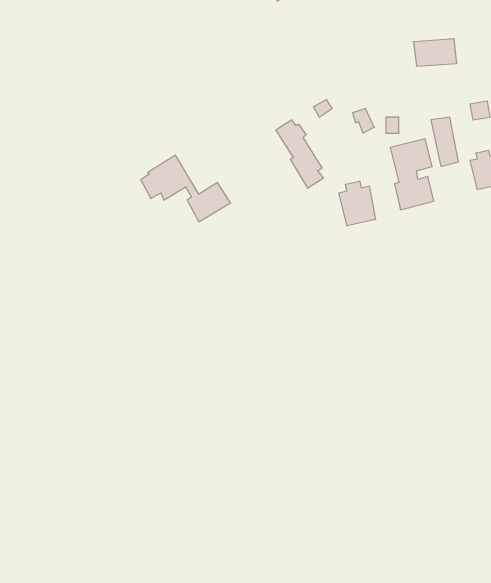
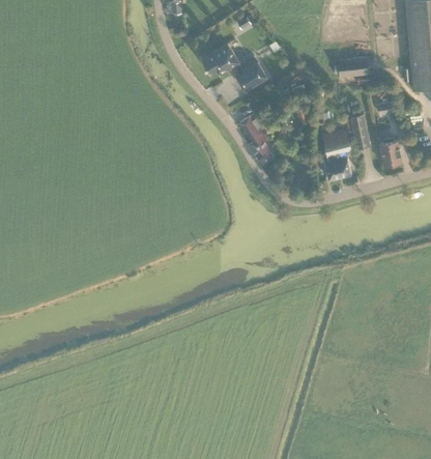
building: [141,155,231,222] -> [202,44,266,91]
building: [339,181,376,226] -> none

